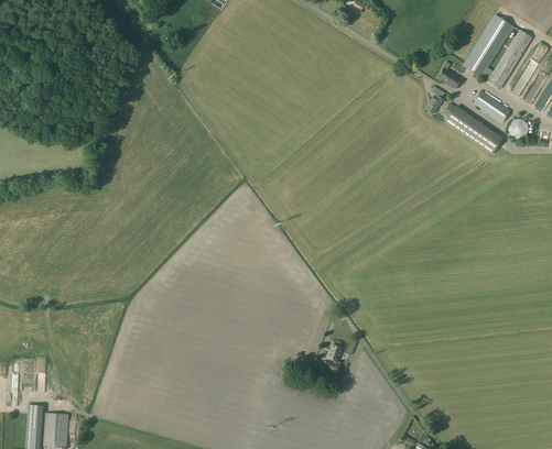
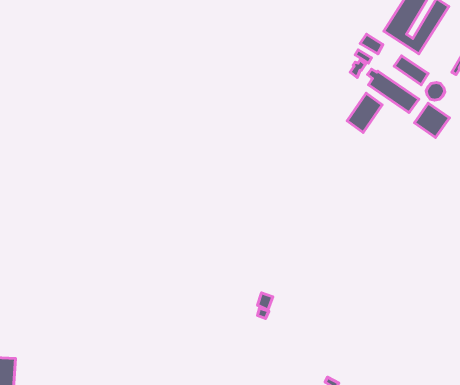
building: none -> [347,93,382,132]
building: none -> [414,103,450,137]

